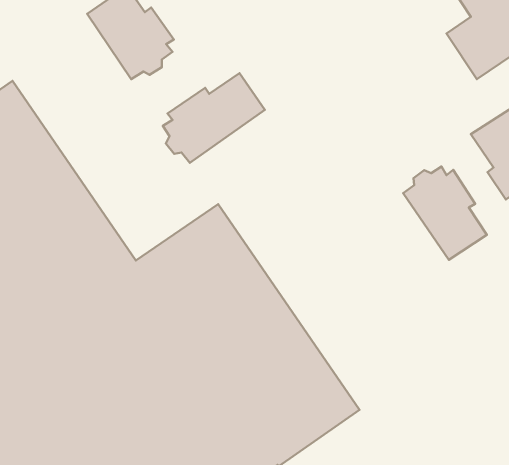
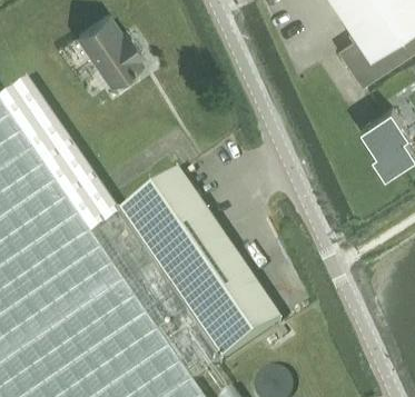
building: [163,73,265,163] -> none
building: [403,166,487,260] -> none

